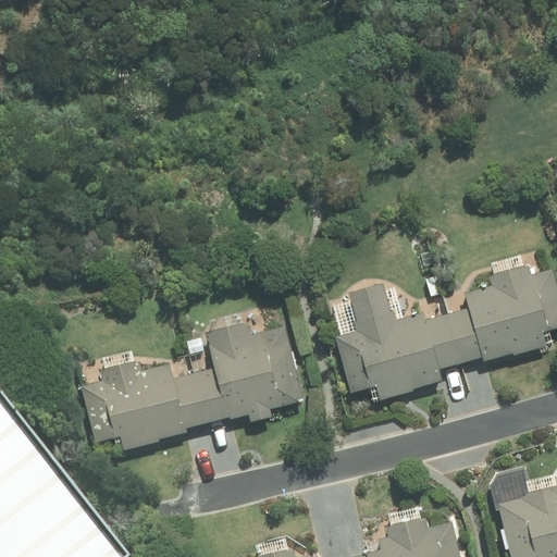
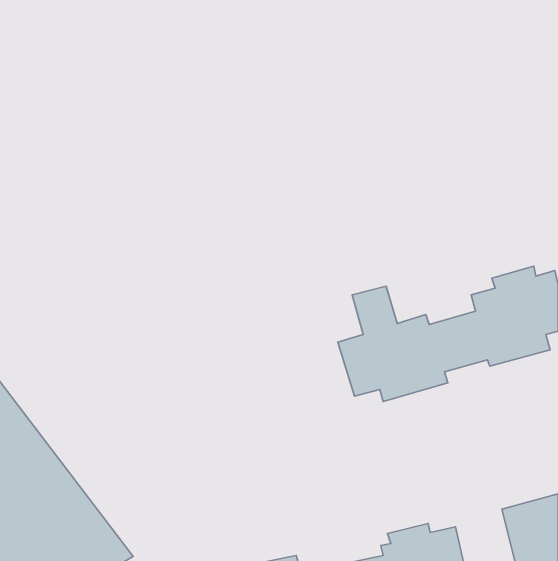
building: [79,323,302,449] -> none

